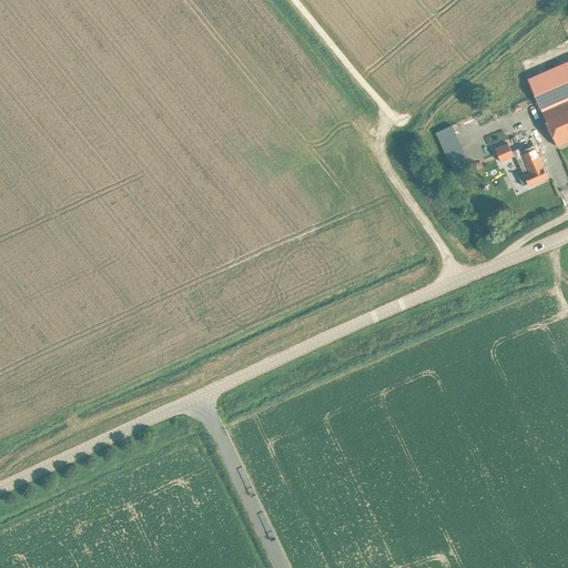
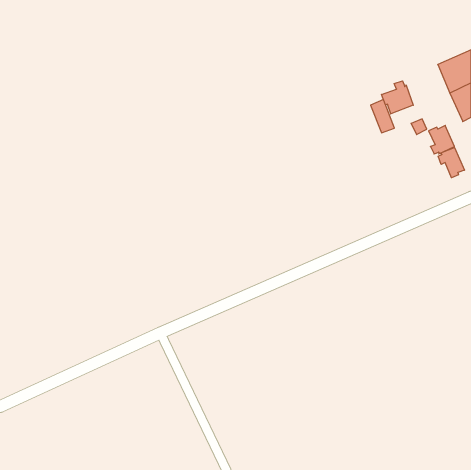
building: none -> [382,81,413,114]
building: none -> [438,148,464,178]

